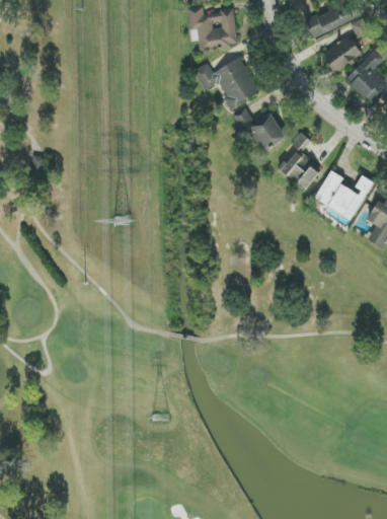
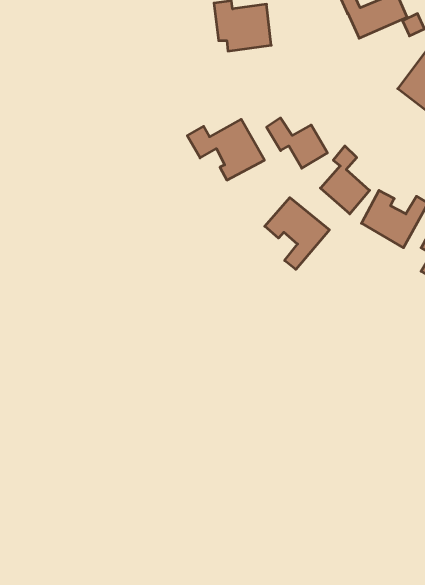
building: [321,35,362,73] -> none
building: [194,57,260,109] -> [187,119,264,180]
building: none -> [265,198,329,269]

